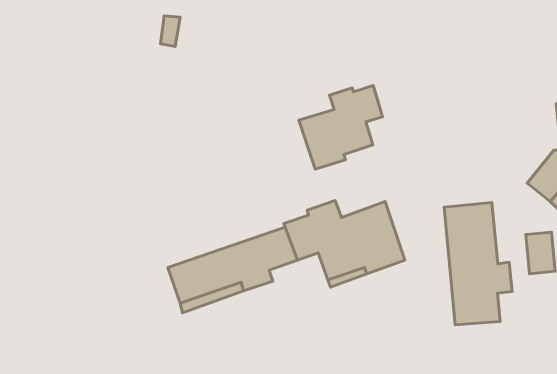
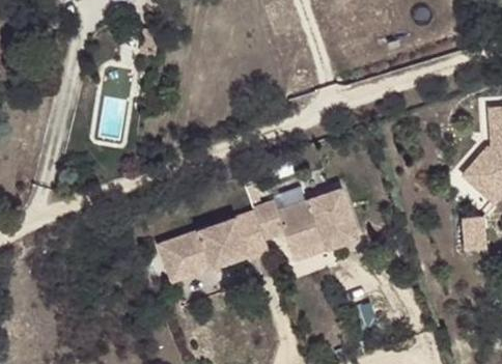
building: [299,86,383,169] -> none
building: [444,203,512,325] -> none

